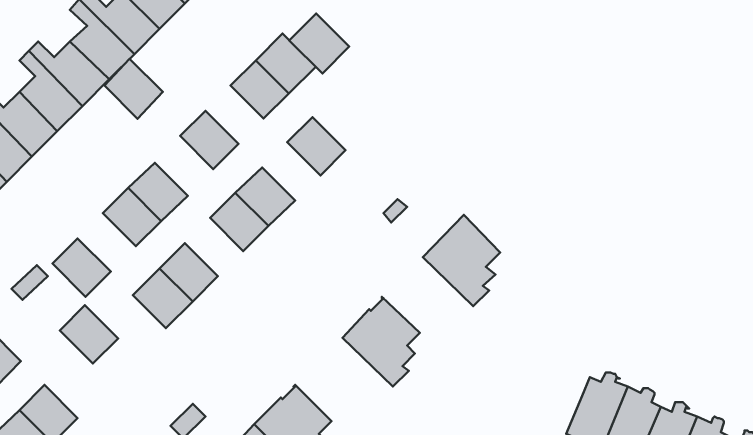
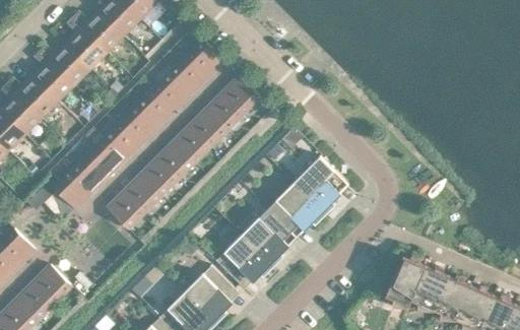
building: [289,14,349,73] -> [220,77,259,116]
building: [104,59,163,119] -> [119,107,156,145]
building: none -> [151,74,189,112]
building: none -> [188,111,225,148]
building: none -> [138,159,176,197]
building: none -> [265,185,324,234]
building: [60,305,118,364] -> [69,156,107,194]
building: none -> [213,237,272,285]

